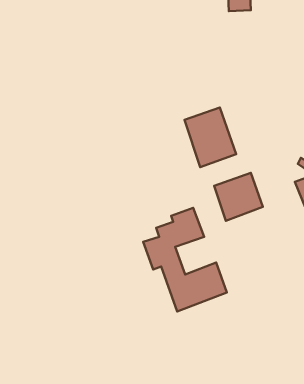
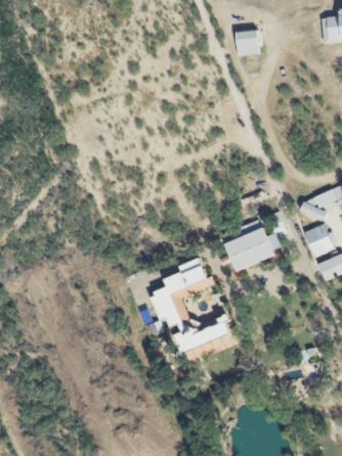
building: [184,107,236,167] -> none

